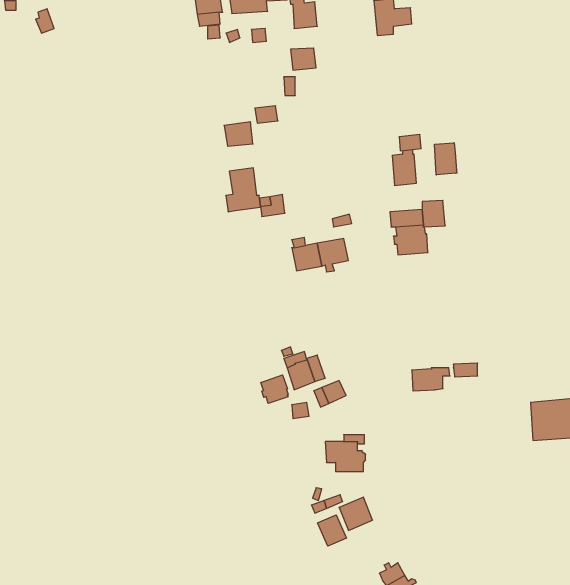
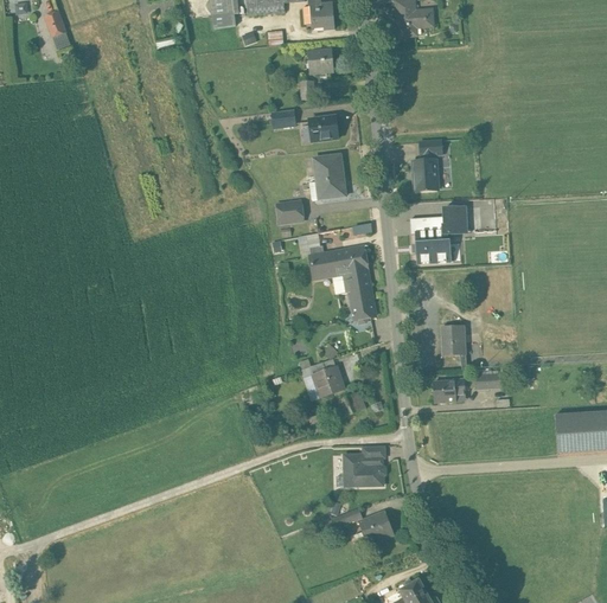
building: [224,122,253,146] -> [308,115,338,140]
building: [435,143,457,175] -> none
building: [226,168,260,212] -> [309,154,345,199]
building: none -> [341,268,375,320]
building: none -> [442,323,466,358]
building: [261,375,288,403] -> none
building: [318,515,347,546] -> none

